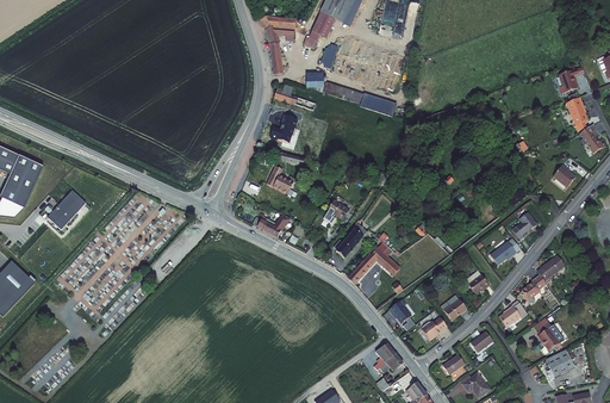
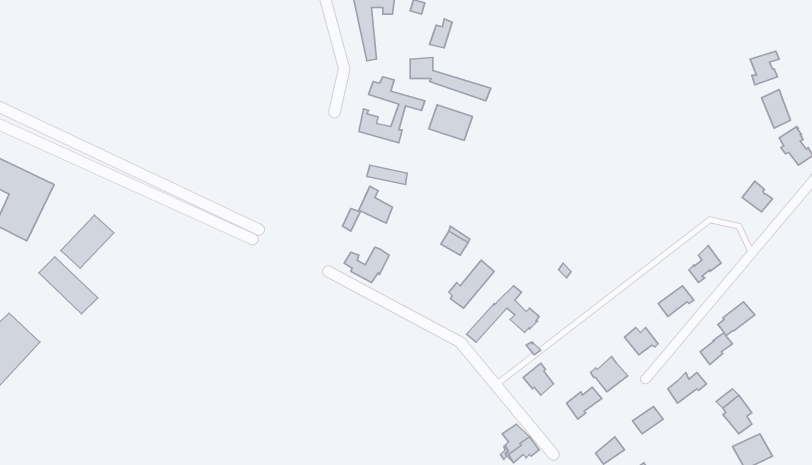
building: none -> [429,105,473,141]
building: none -> [39,257,98,314]

